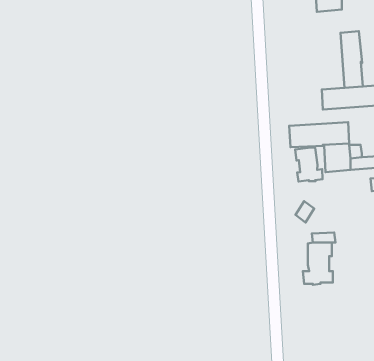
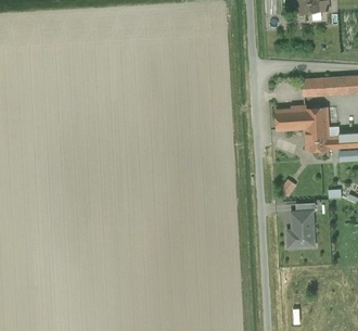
building: [340,31,363,88] -> none
building: [295,147,323,181] -> none

